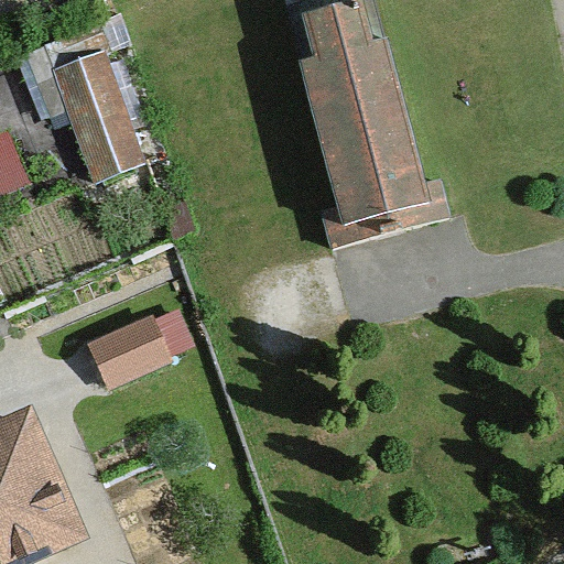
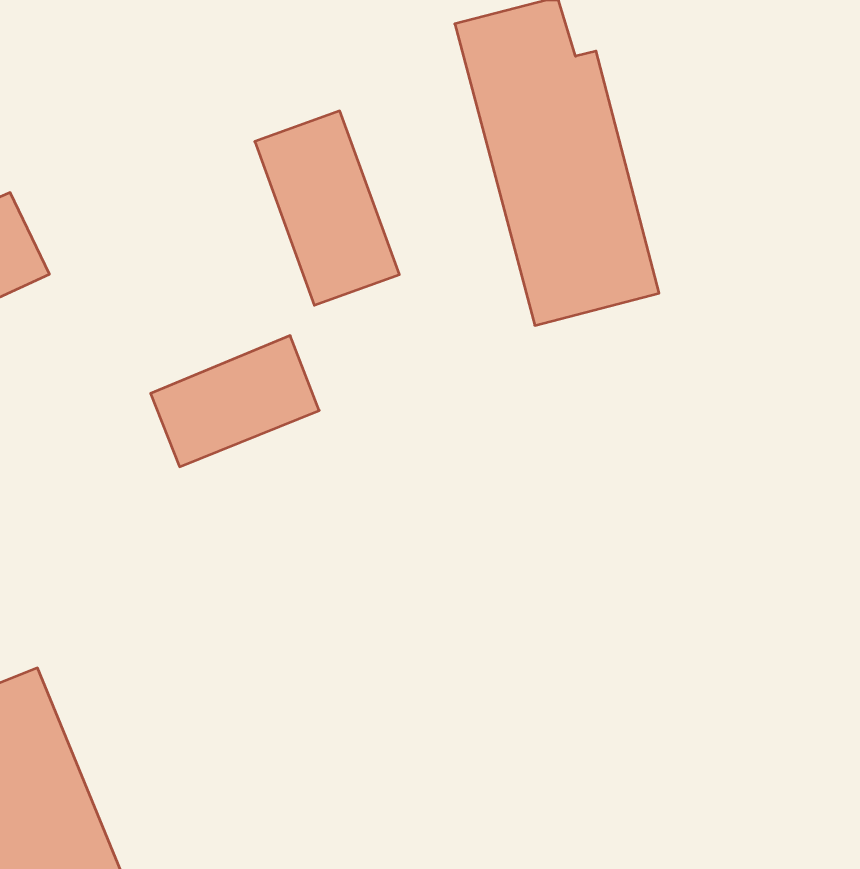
building: [44,63,138,188] -> [255,111,399,305]
building: [86,300,195,384] -> [151,336,319,467]

